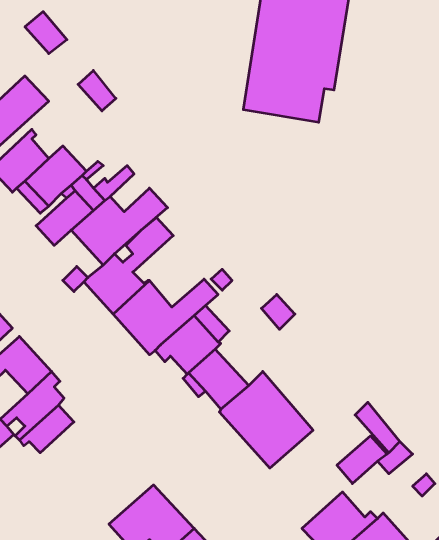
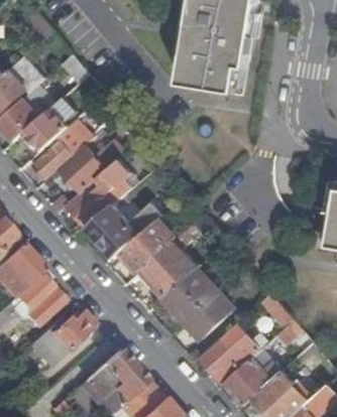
building: none -> [31,312,96,366]
building: none -> [203,331,254,382]

